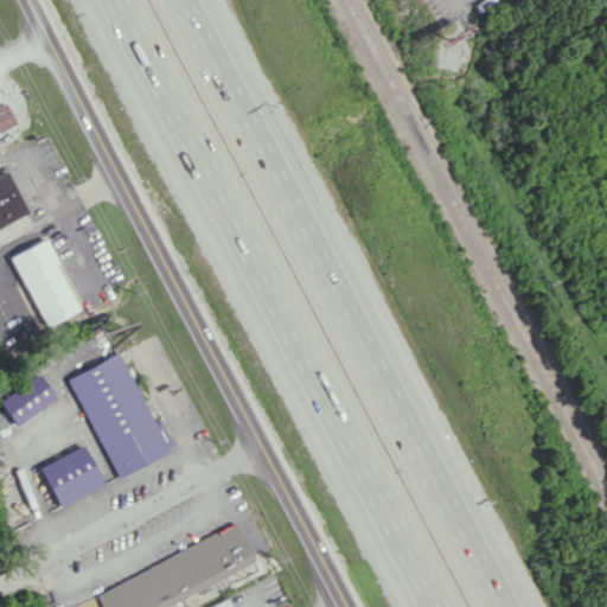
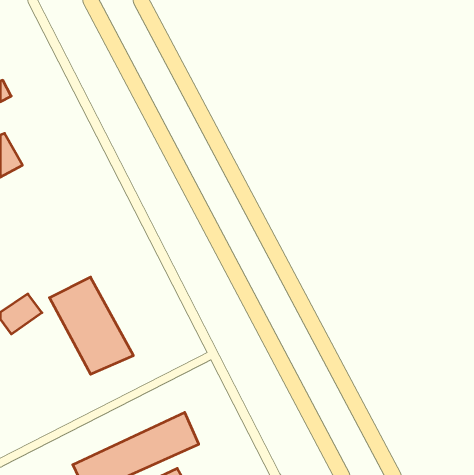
building: [12,241,81,328] -> none
building: [40,446,103,507] -> none

